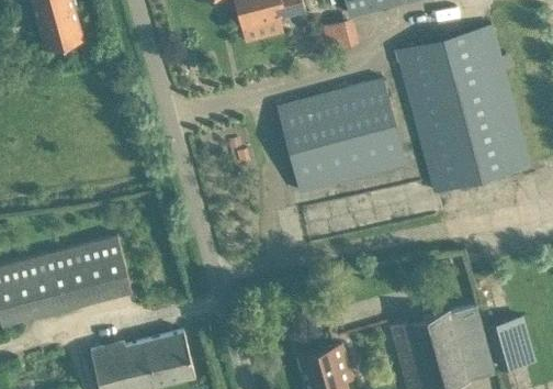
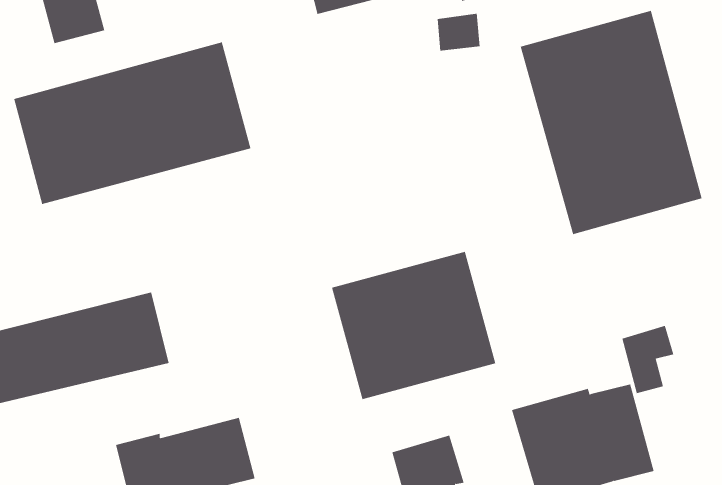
building: none -> [14,41,251,205]
building: [278,82,402,194] -> [331,251,496,400]
building: [490,318,530,369] -> [622,325,674,394]

